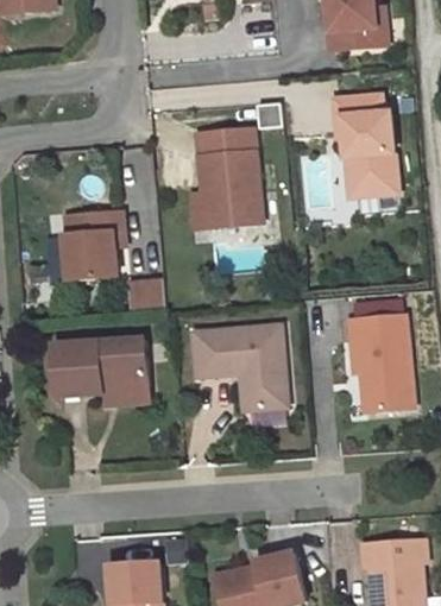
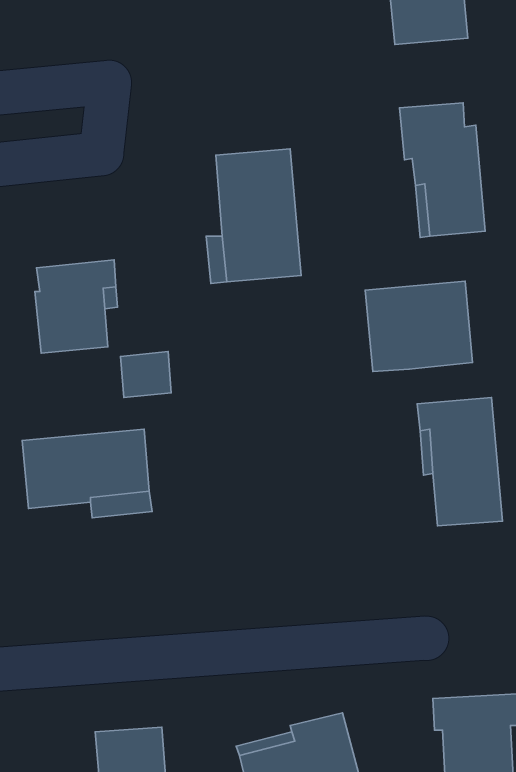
building: none -> [365,281,472,371]
building: [194,326,286,408] -> none

